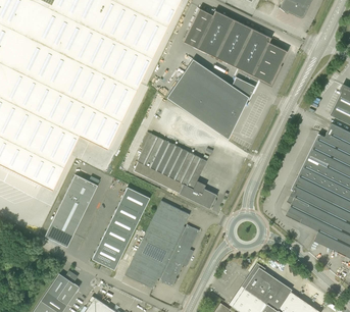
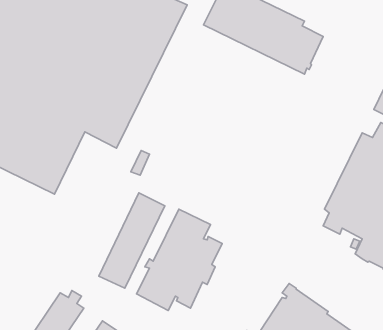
building: [166,60,255,136] -> none
building: [133,134,216,209] -> none
building: [44,175,97,248] -> none

